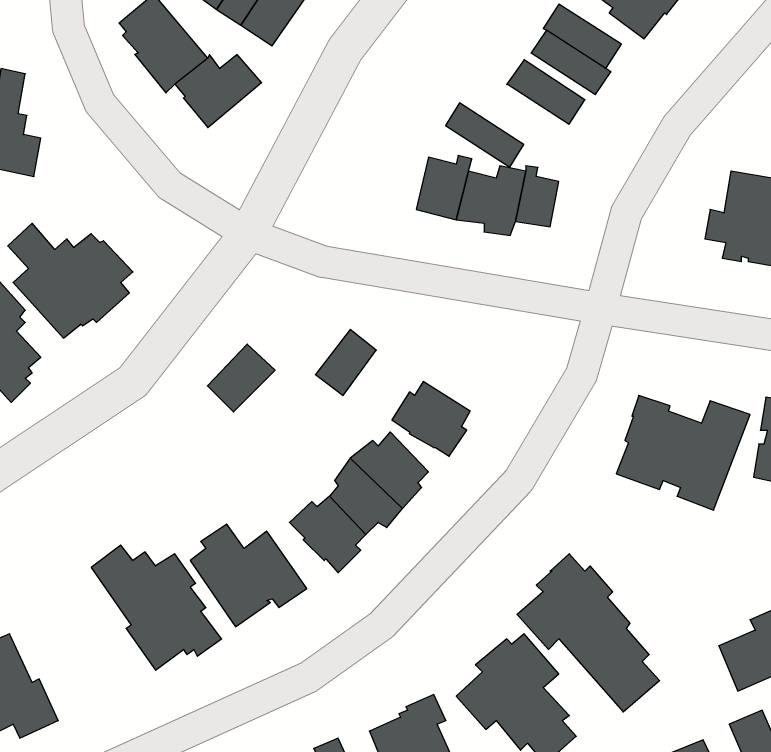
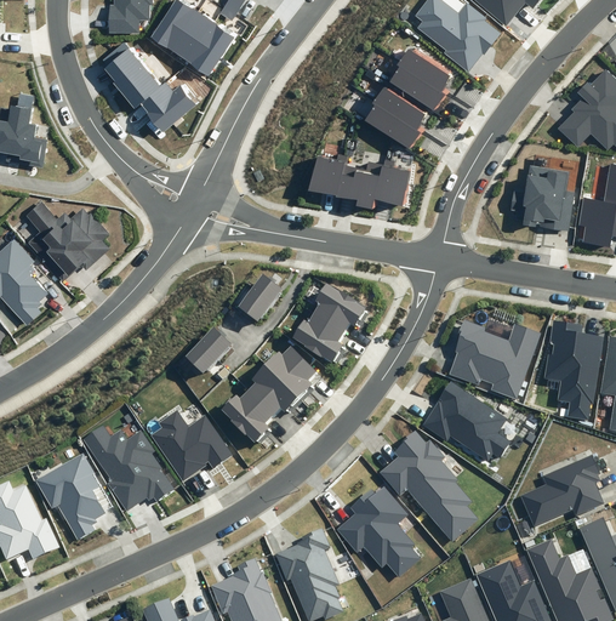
building: [446,103,524,167] -> [364,104,418,149]
building: none -> [313,284,365,331]
building: [207,344,275,412] -> [184,327,232,375]
building: none -> [422,382,511,461]
building: none -> [34,452,104,540]

